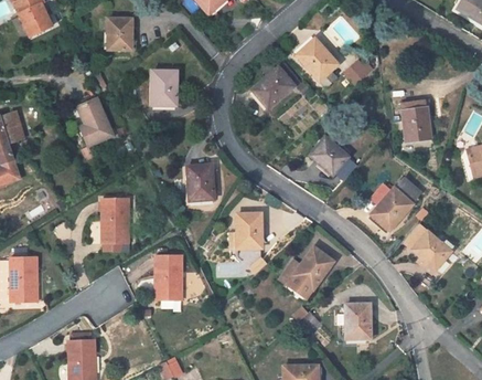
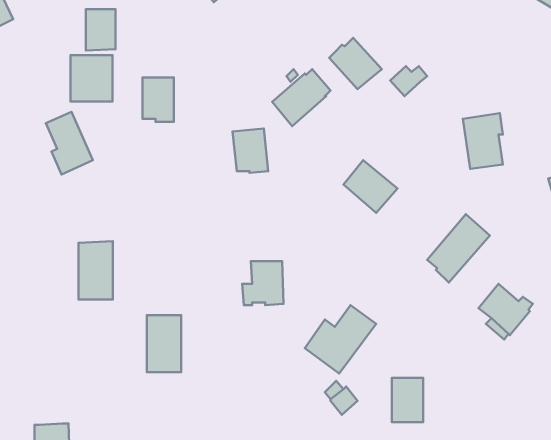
building: none -> [71,55,112,101]
building: [186,165,214,199] -> [232,129,268,173]

